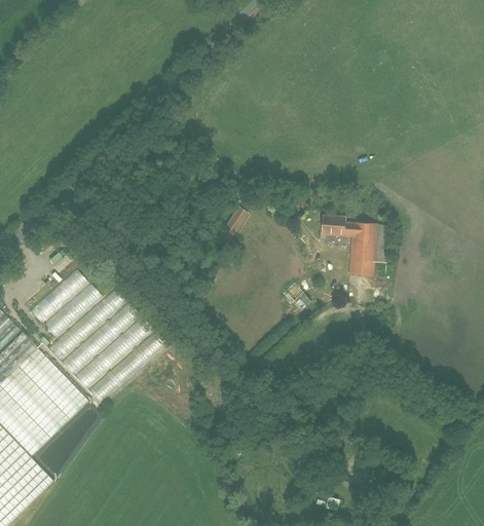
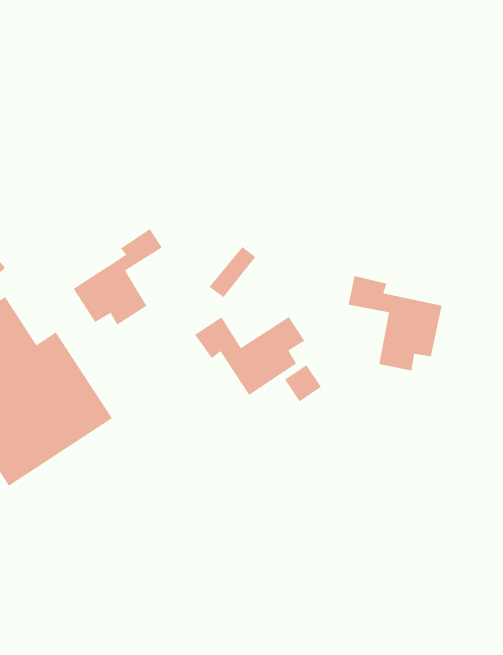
building: none -> [73,228,162,325]
building: none -> [194,316,305,396]

